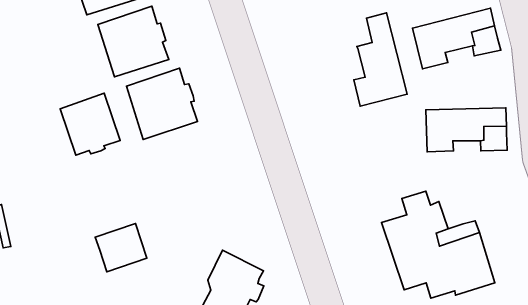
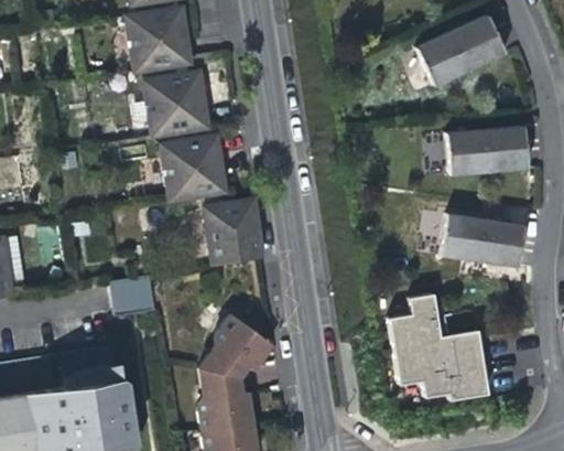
building: [354,13,407,106] -> none
building: [60,93,120,155] -> none
building: none -> [204,198,262,264]

